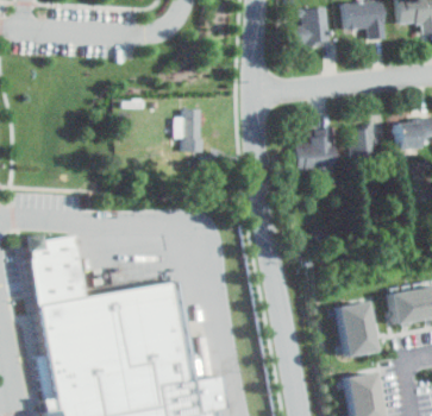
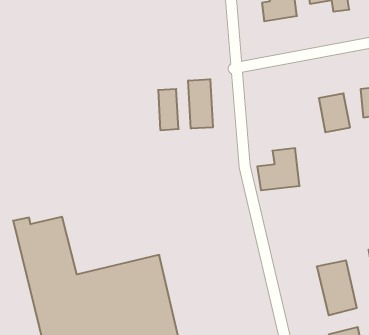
building: none -> [188,79,213,129]
building: [295,128,338,170] -> [257,148,300,190]

